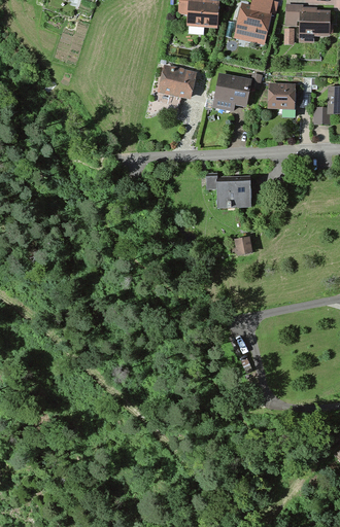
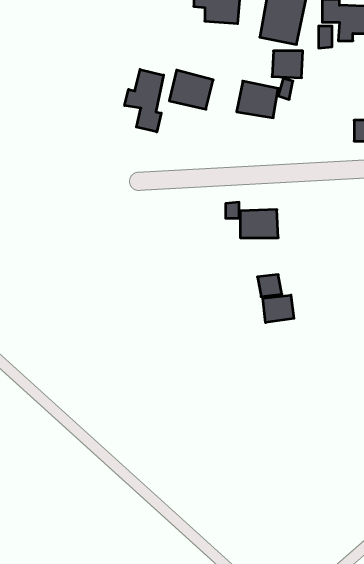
building: none -> [125,69,164,132]
building: [268,84,294,107] -> [272,51,303,78]
building: none -> [263,295,294,323]

